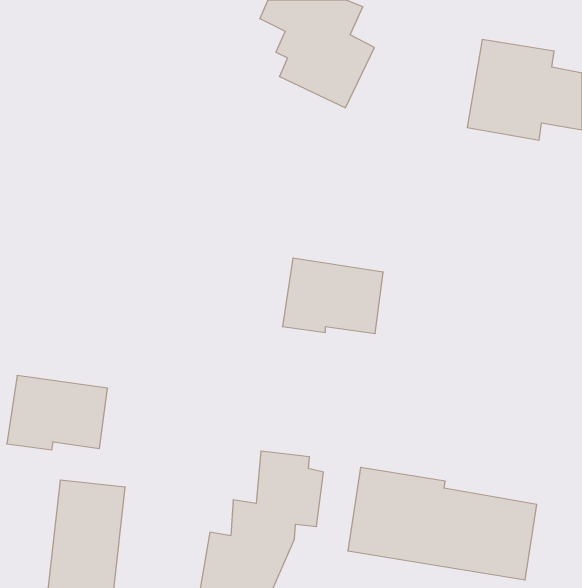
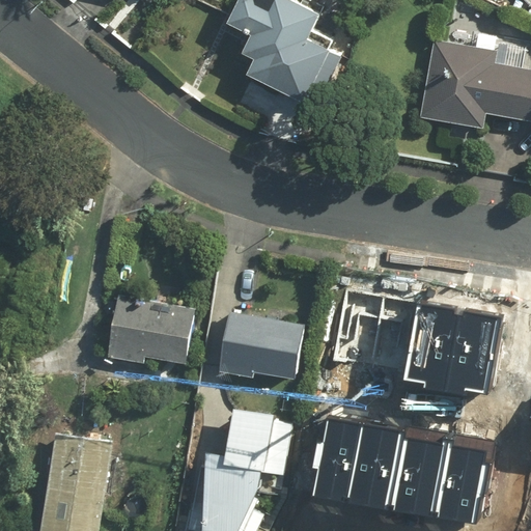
building: [282,258,383,334] -> [216,310,306,378]
building: none -> [330,290,494,399]
building: [7,376,108,450] -> [105,296,195,362]

